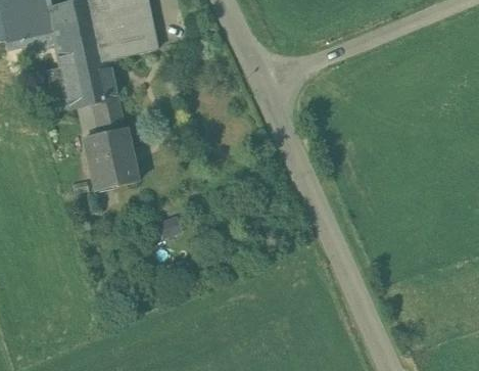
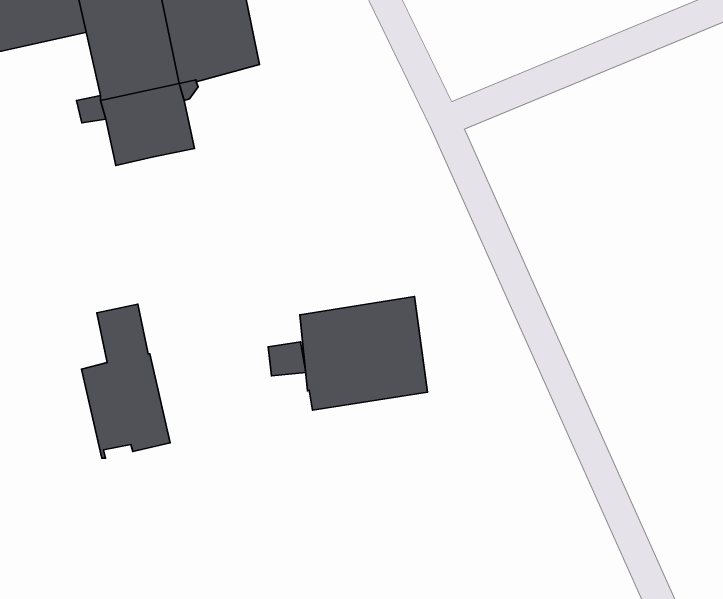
building: [84,98,137,190] -> [81,304,170,458]
building: none -> [300,297,427,410]

